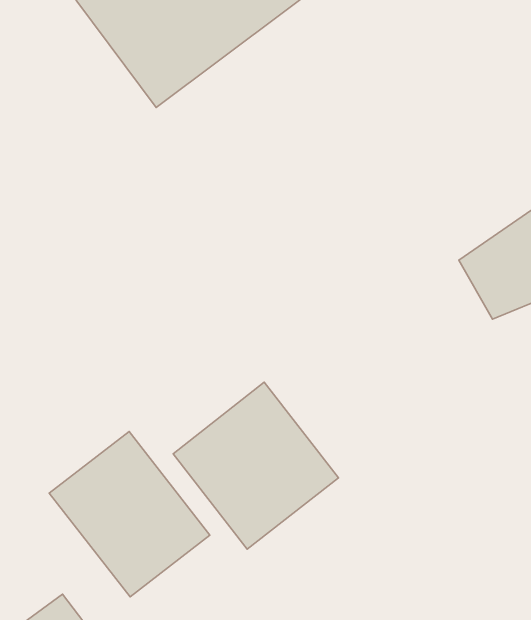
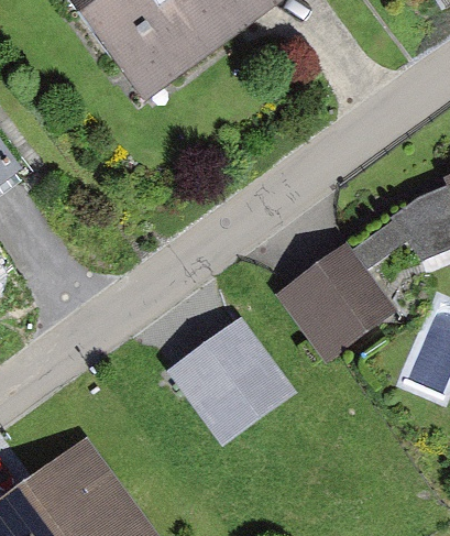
building: none -> [275,247,391,363]
building: [49,431,210,597] -> none

